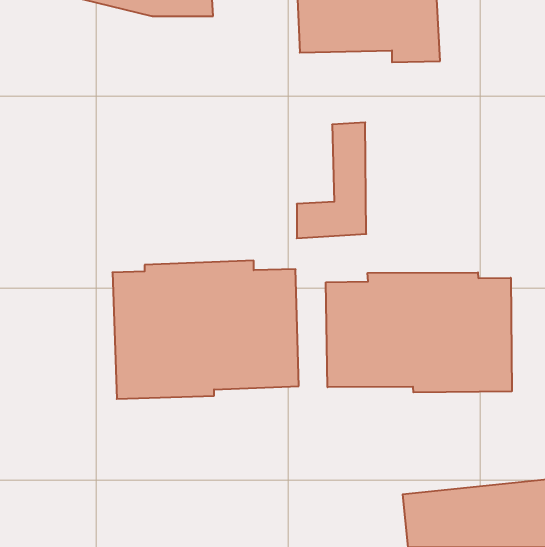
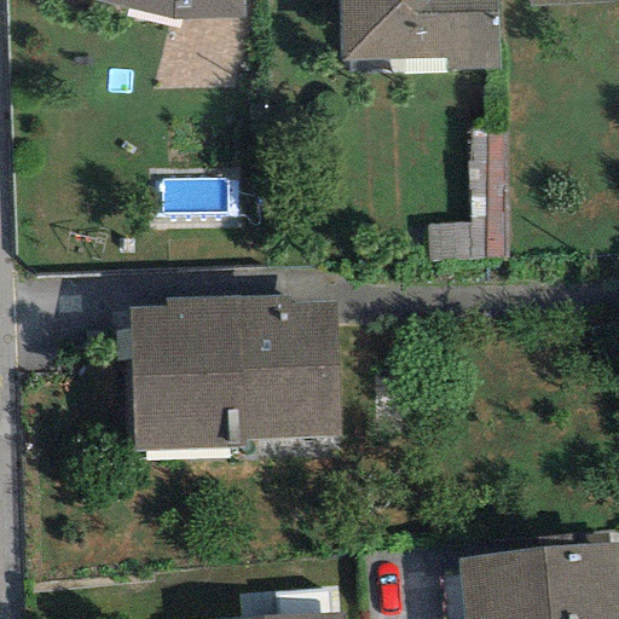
building: [297,122,366,238] -> [428,133,507,264]
building: [326,272,512,392] -> none

